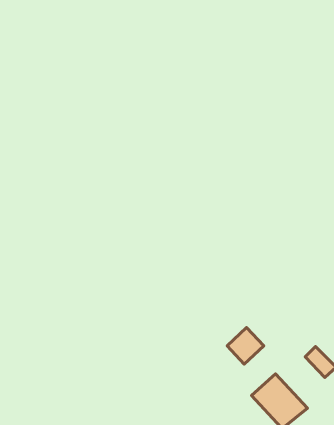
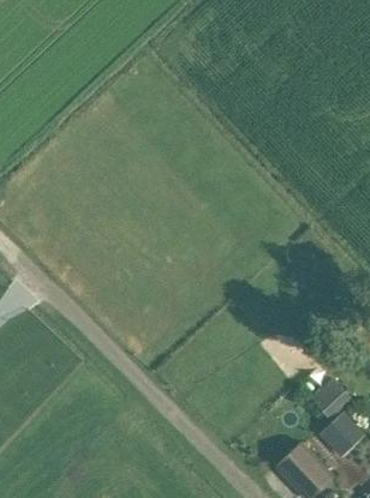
building: [227,328,264,364] -> [310,382,348,420]

